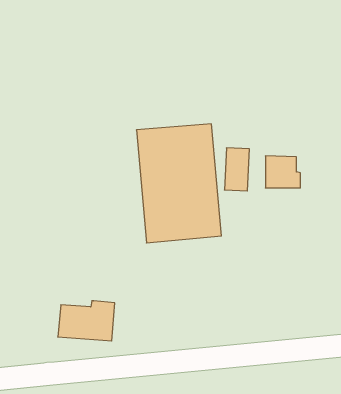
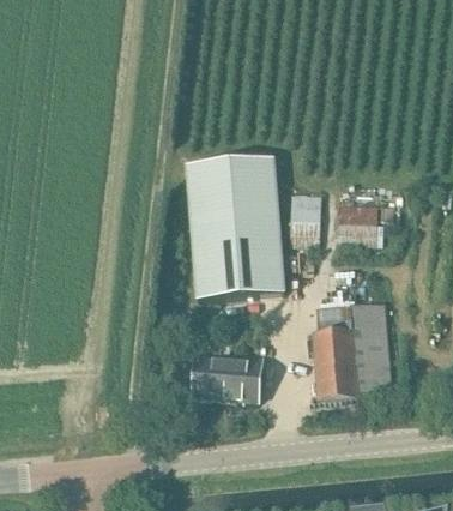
building: none -> [313,301,392,397]
building: [58,301,115,341] -> [192,351,260,399]

